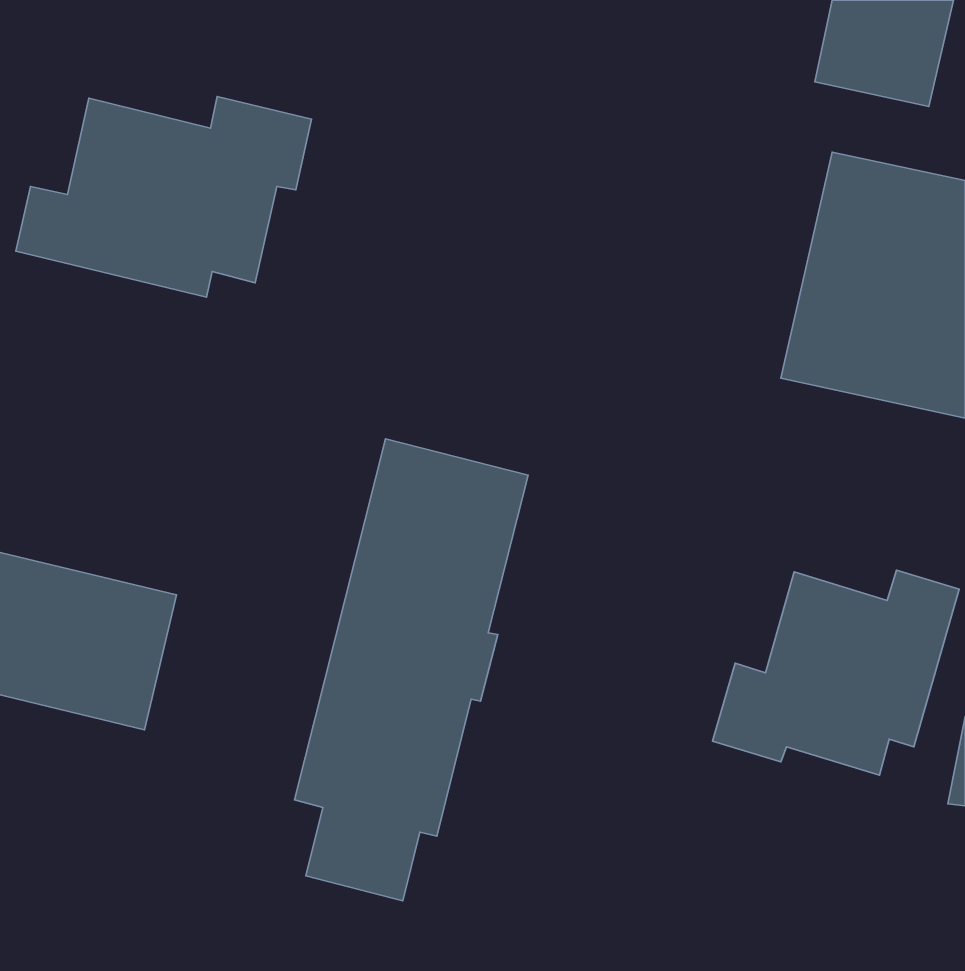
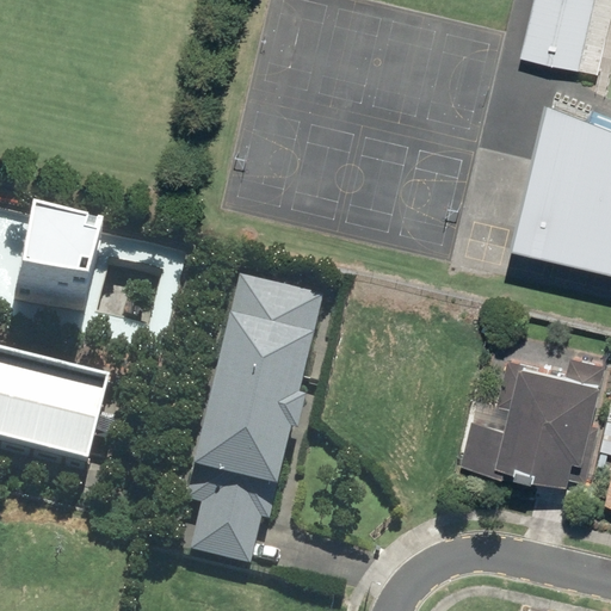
building: [16,97,312,297] -> none
building: none -> [14,224,101,310]

